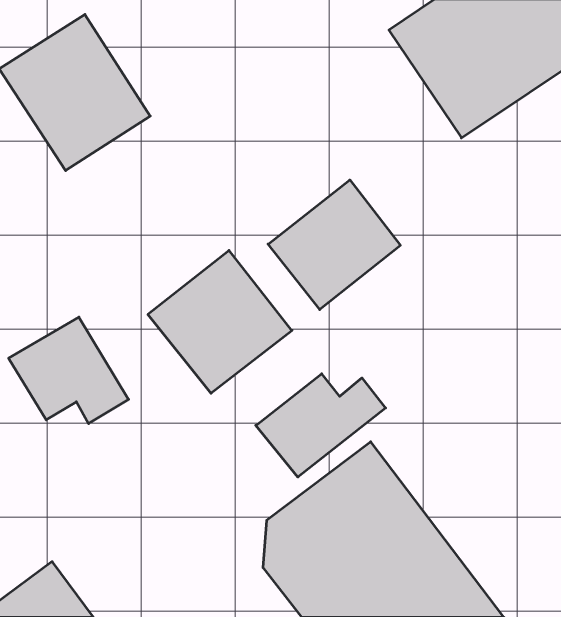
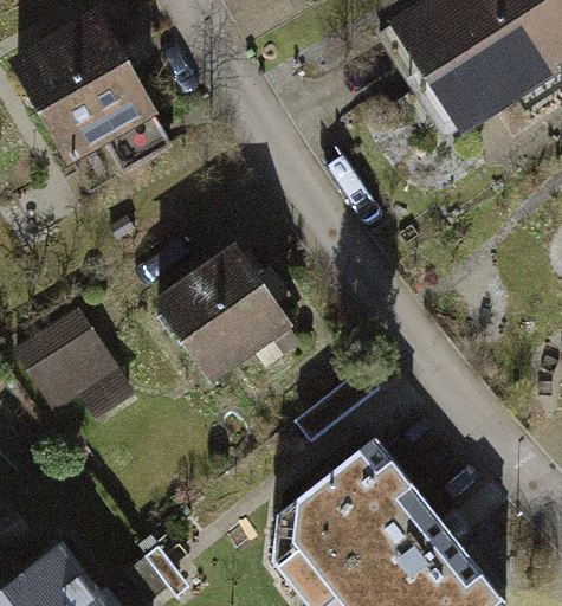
building: [268,180,400,310] -> none
building: [256,374,386,477] -> none

